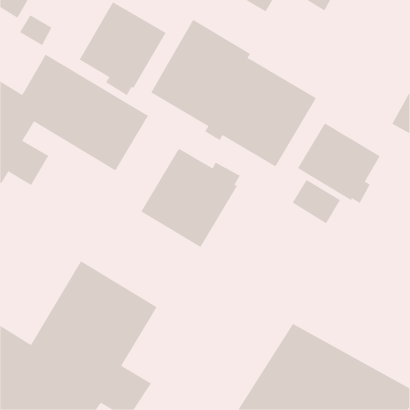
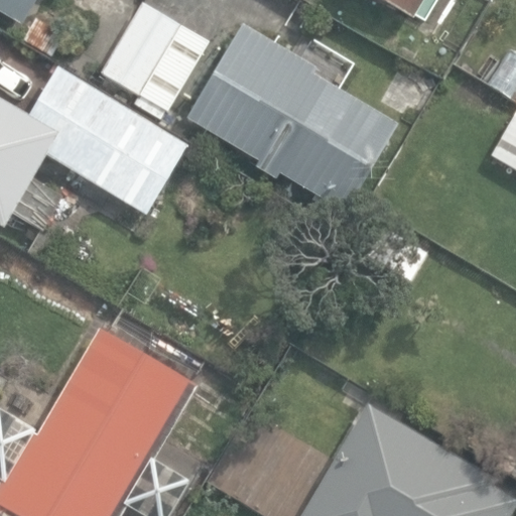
building: [297,122,381,204] -> none
building: [141,148,241,248] -> none

